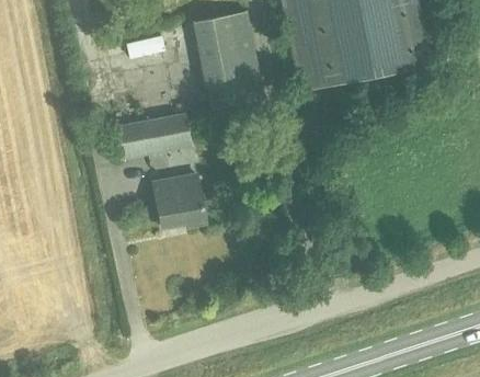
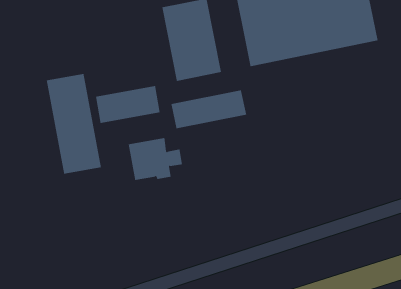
building: none -> [46,73,101,175]
building: none -> [171,89,247,129]

